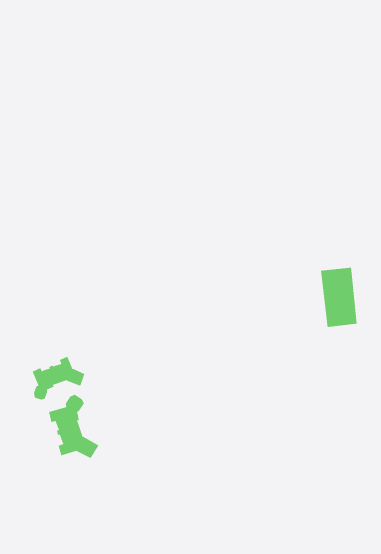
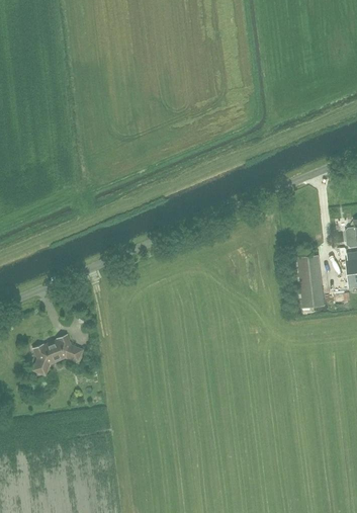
building: [49,394,99,459] -> none

